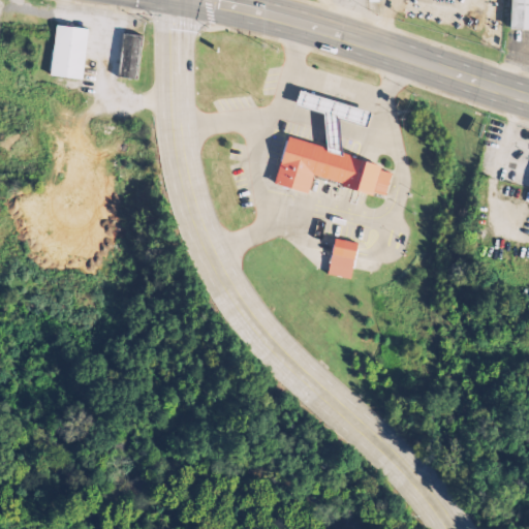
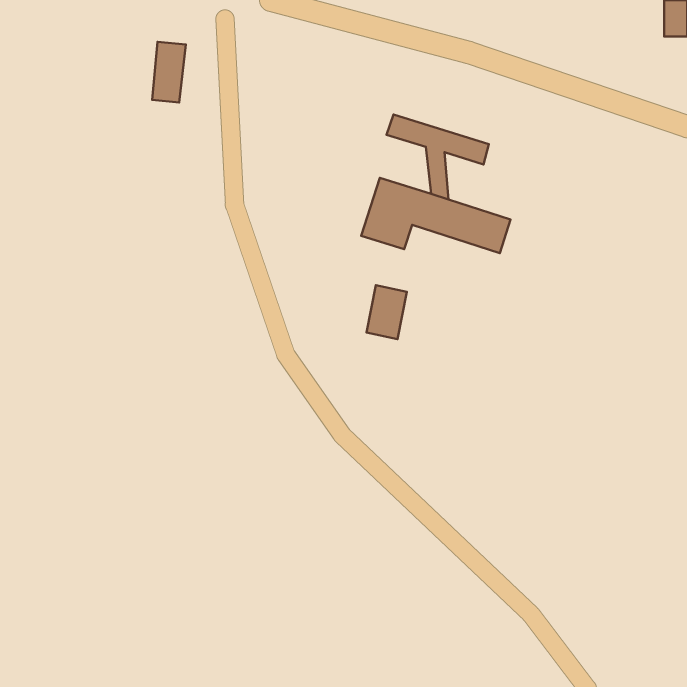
building: [50,25,89,80] -> none
building: [326,238,357,279] -> [367,285,407,339]

